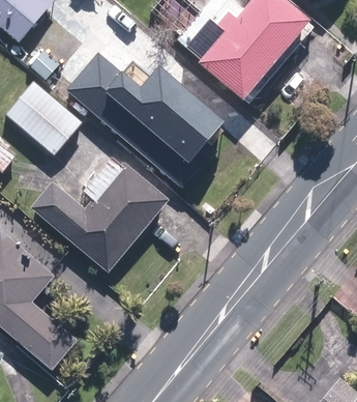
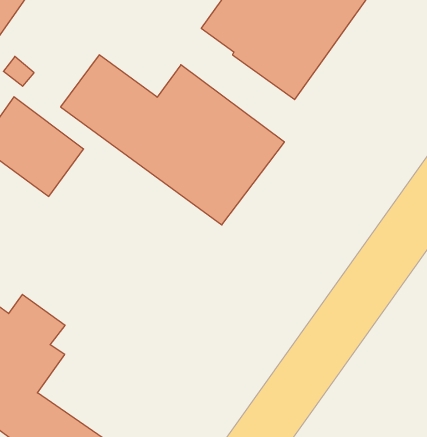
building: [30,155,170,272] -> none

